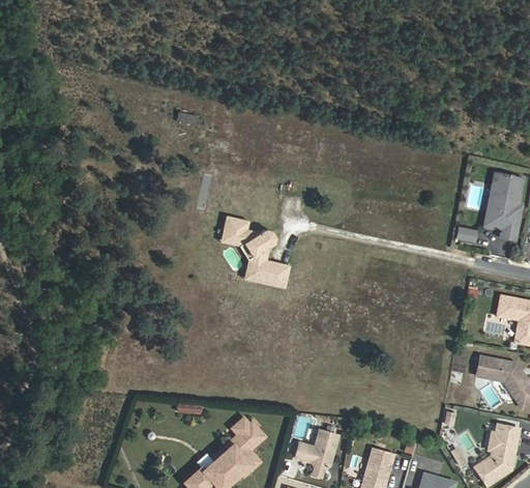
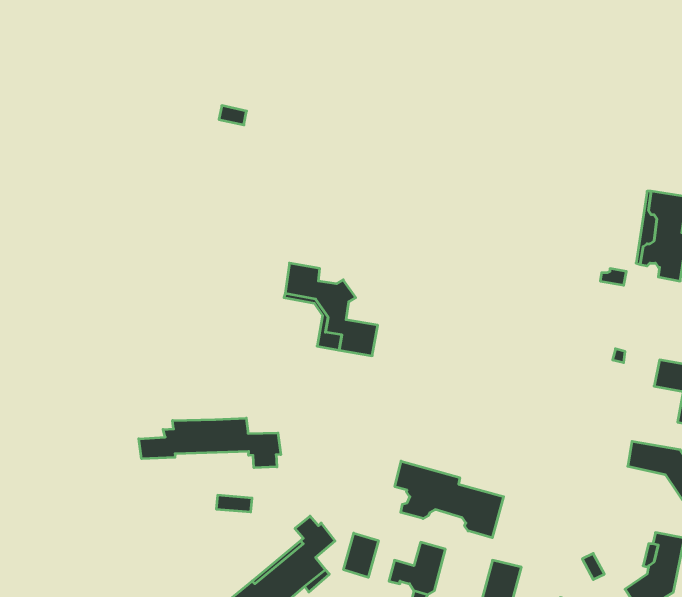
building: none -> [139,418,281,468]
building: none -> [395,461,504,538]
building: none -> [344,533,378,577]

